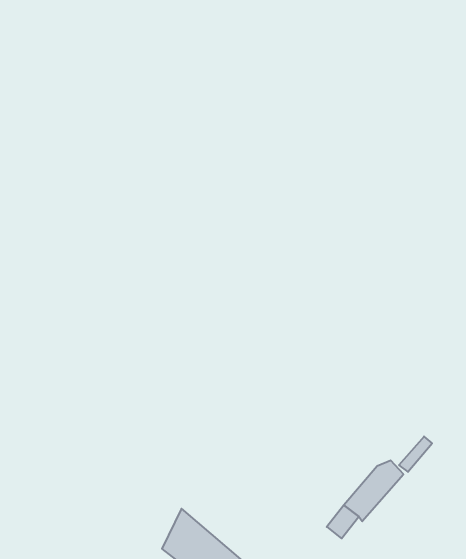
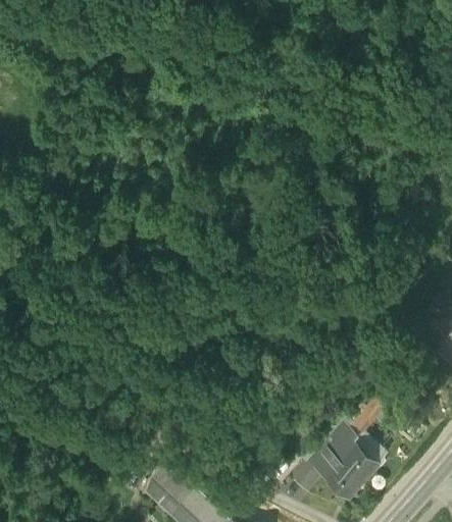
building: none -> [324,433,388,498]

